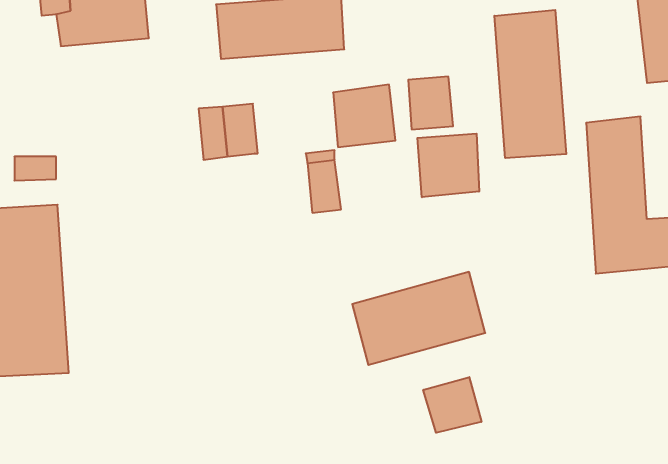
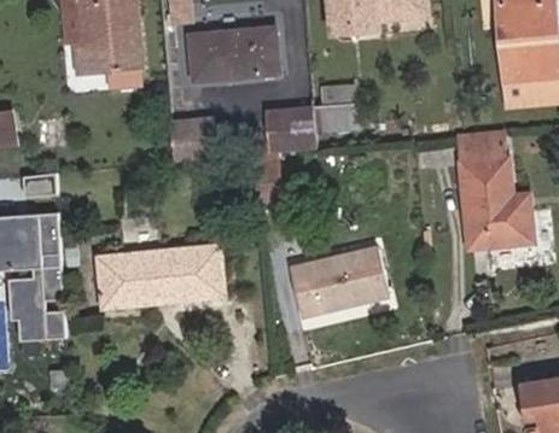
building: [494,10,566,158] -> none
building: [417,134,479,197] -> none
building: none -> [98,247,223,310]
building: [423,377,481,433] -> none

